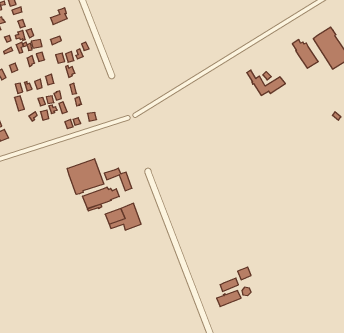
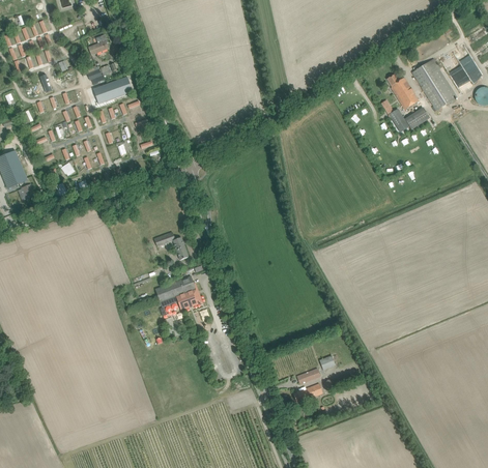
building: [247,70,285,95] -> [382,100,430,131]
building: [67,159,104,194] -> none
building: [83,187,119,209] -> none

